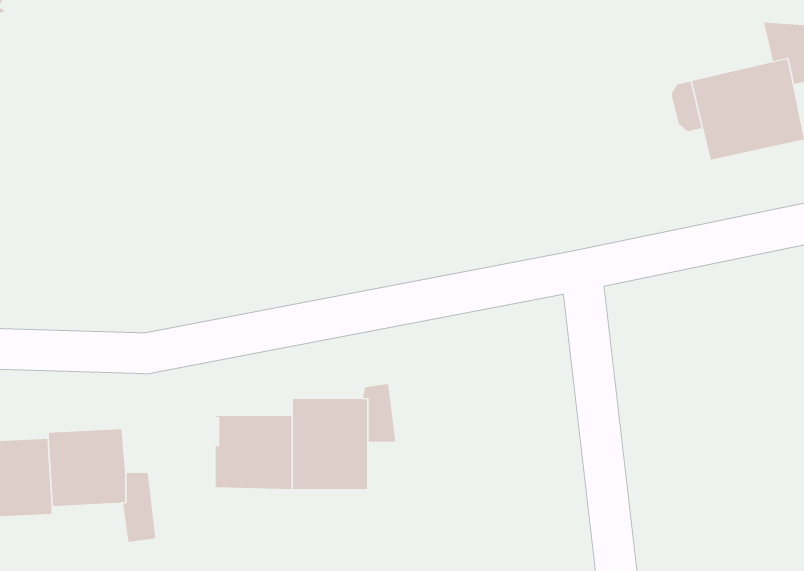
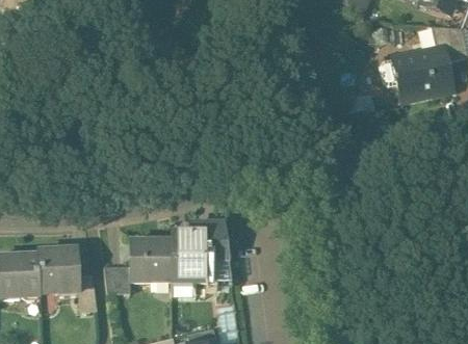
building: none -> [104,264,130,292]

